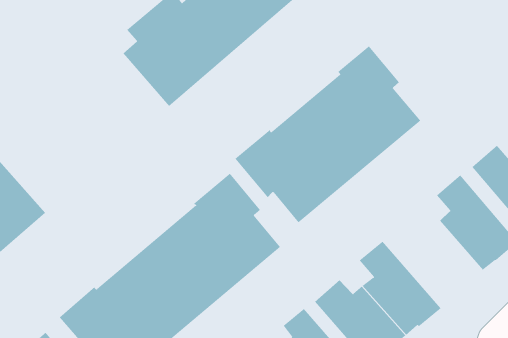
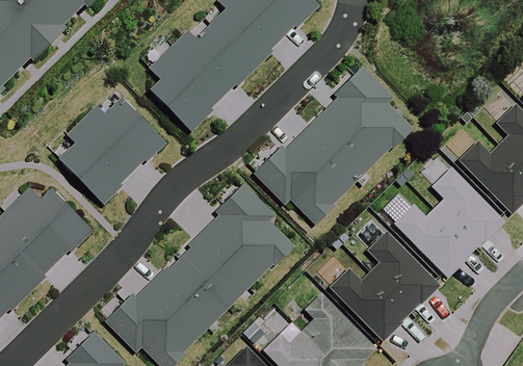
building: none -> [55,94,163,201]
building: none -> [392,206,473,281]

